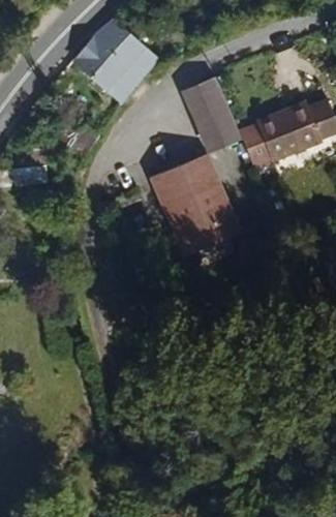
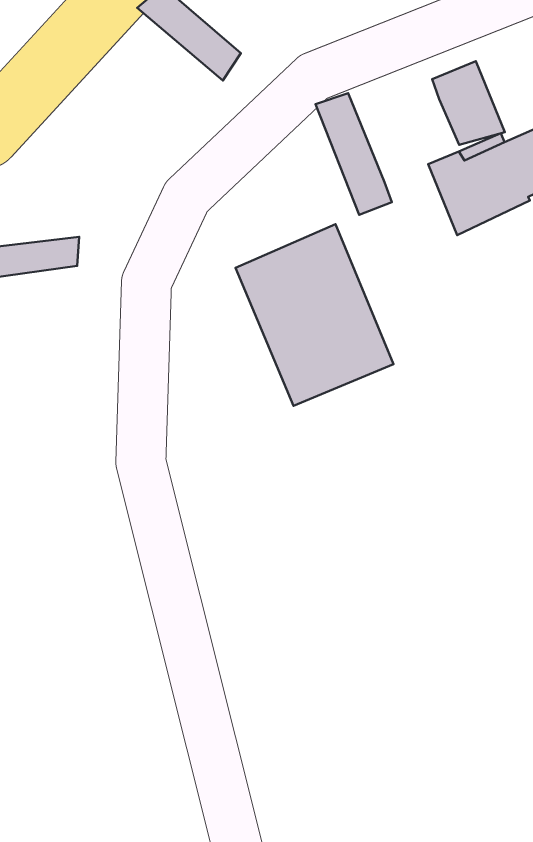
building: [72,31,144,100] -> none
building: [236,120,277,168] -> [432,61,505,145]

